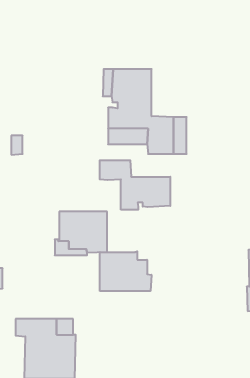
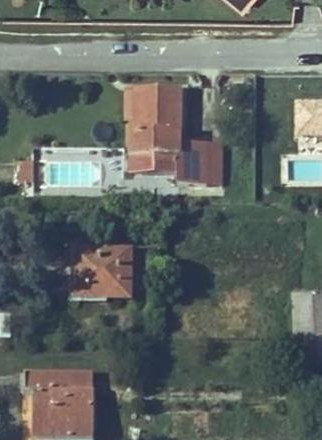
building: [100,160,170,210] -> none
building: [100,251,151,291] -> none

